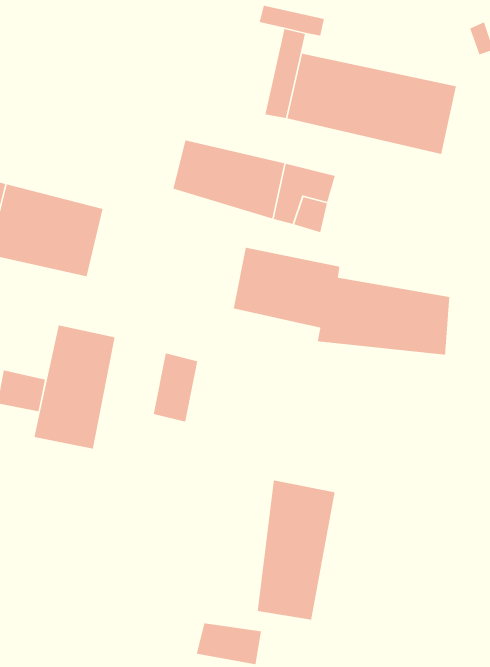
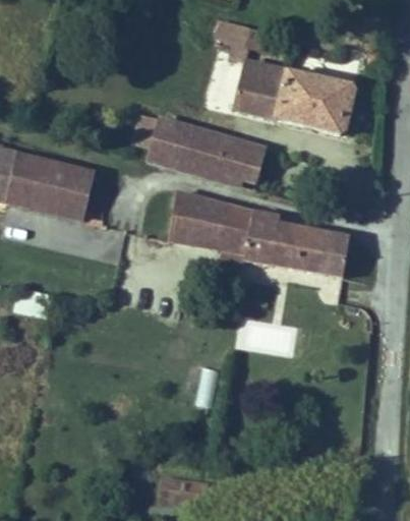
building: [33,324,116,449] -> none
building: [153,352,198,423] -> [166,192,199,244]
building: [257,479,335,620] -> none

